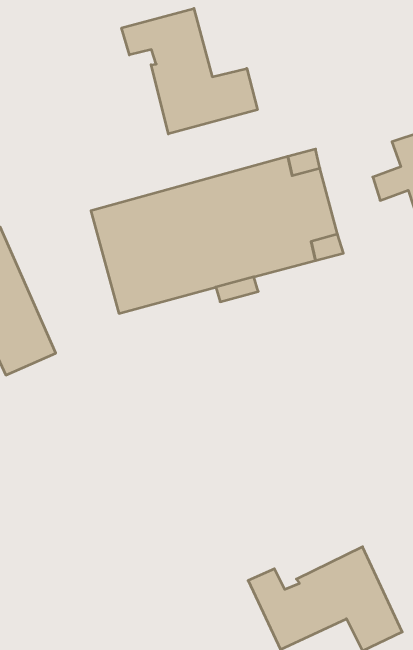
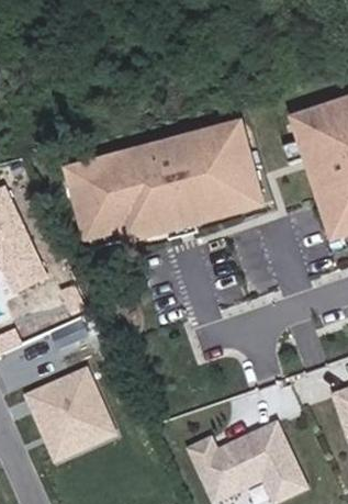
building: [122,8,257,134] -> none
building: none -> [19,358,120,459]

